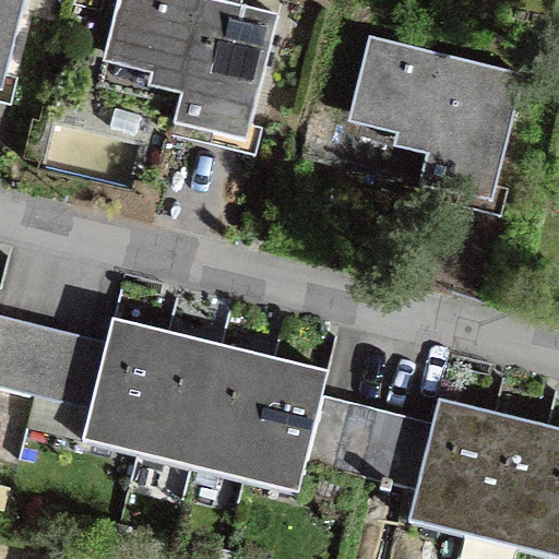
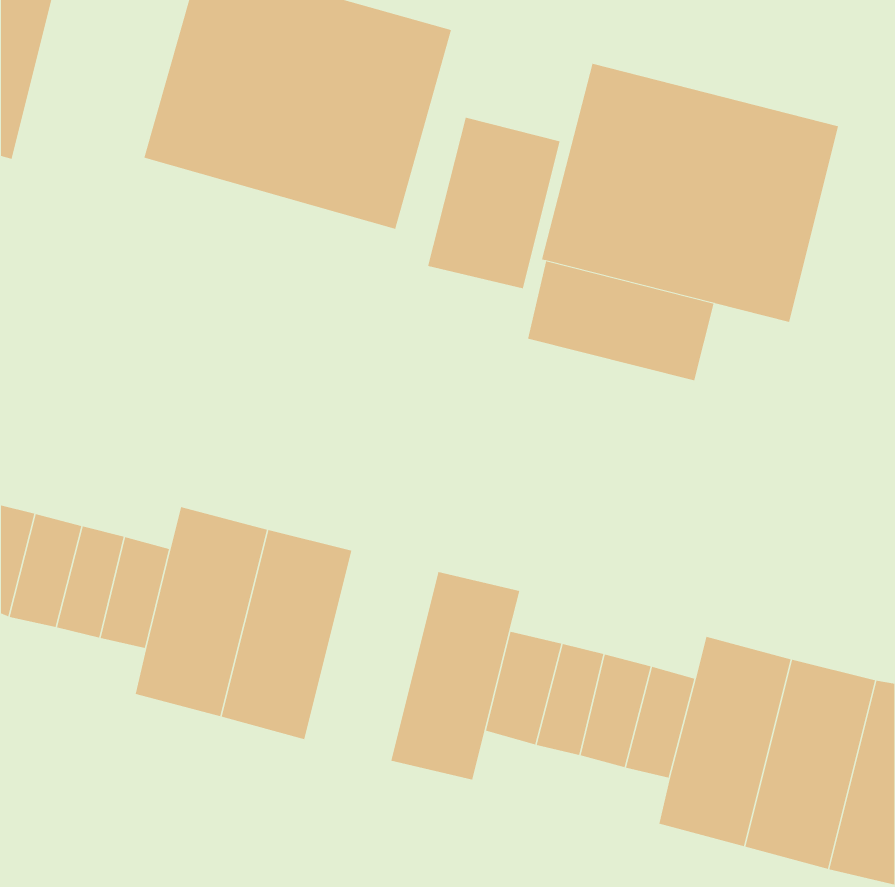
building: none -> [428,117,560,289]
building: none -> [527,261,714,381]
building: [190,343,273,474] -> none

